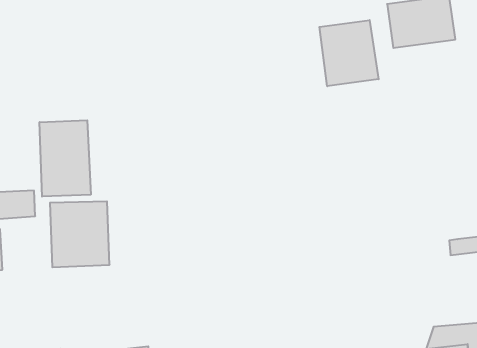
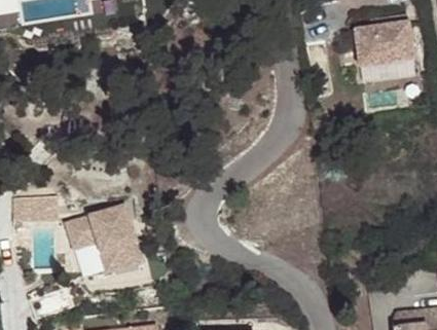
building: [319,20,379,86] -> none
building: [40,120,91,197] -> none

